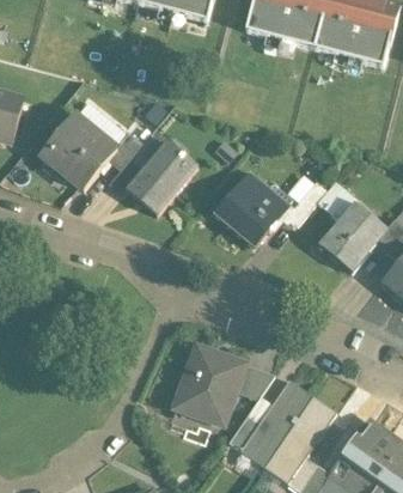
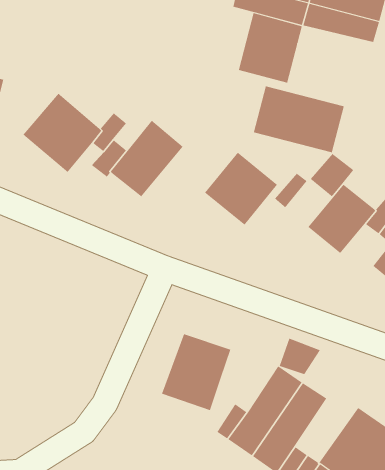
building: none -> [238,13,303,84]
building: none -> [253,85,344,153]
building: [234,363,275,398] -> [279,338,321,375]

